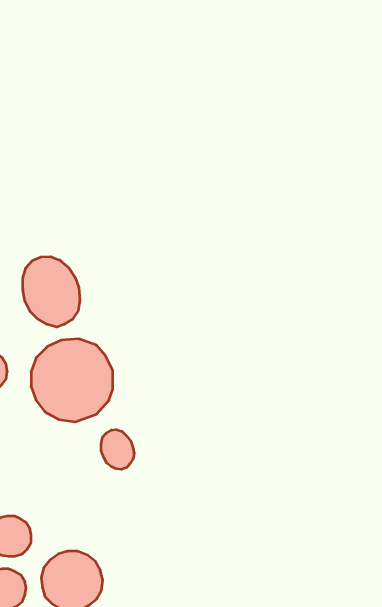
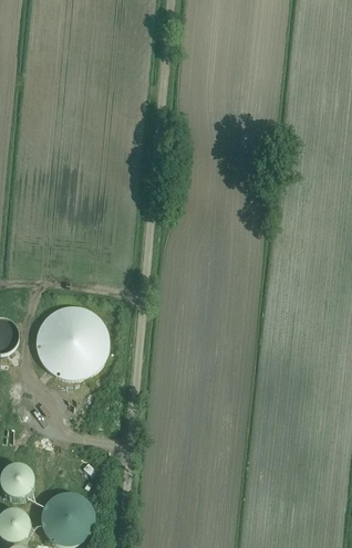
building: [23,257,80,327] -> none
building: [101,430,134,469] -> none

